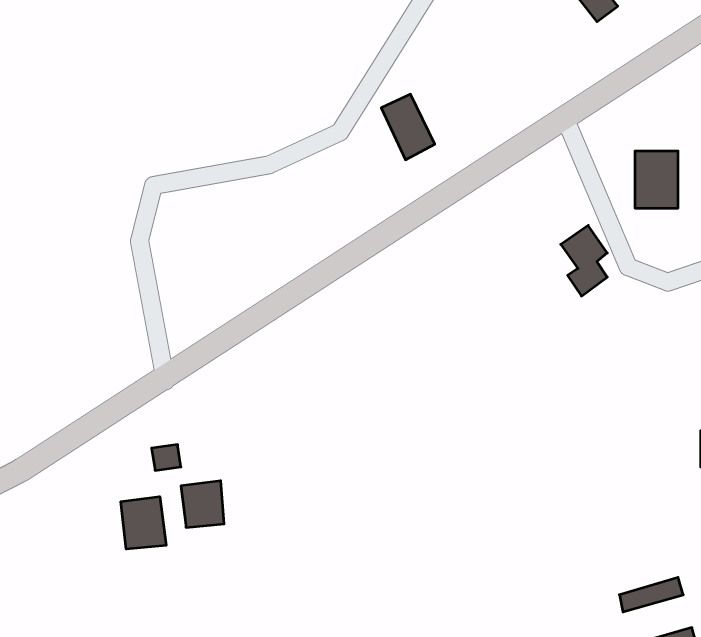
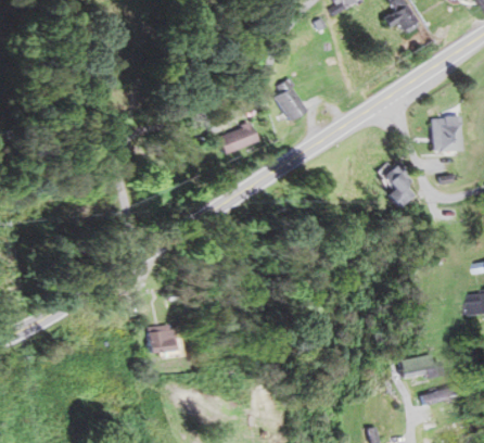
building: none -> [216,124,256,153]
building: [121,497,166,549] -> none
building: none -> [398,352,444,380]

